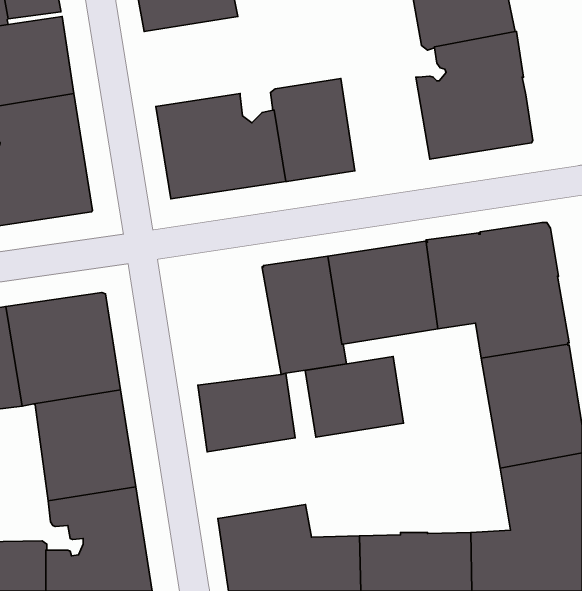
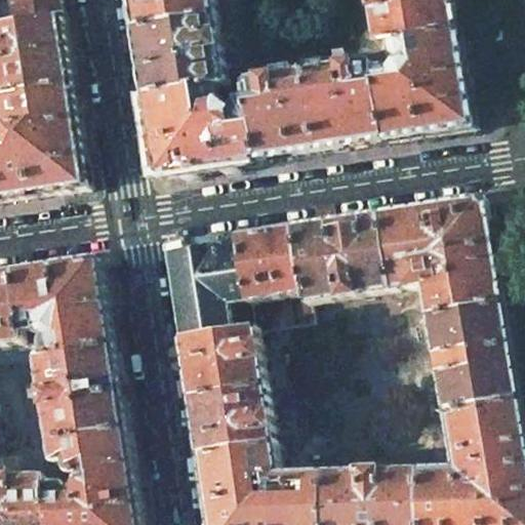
building: none -> [126,14,217,93]
building: none -> [298,58,376,150]
building: none -> [159,235,246,337]
building: [305,357,404,437] -> [181,383,268,454]

